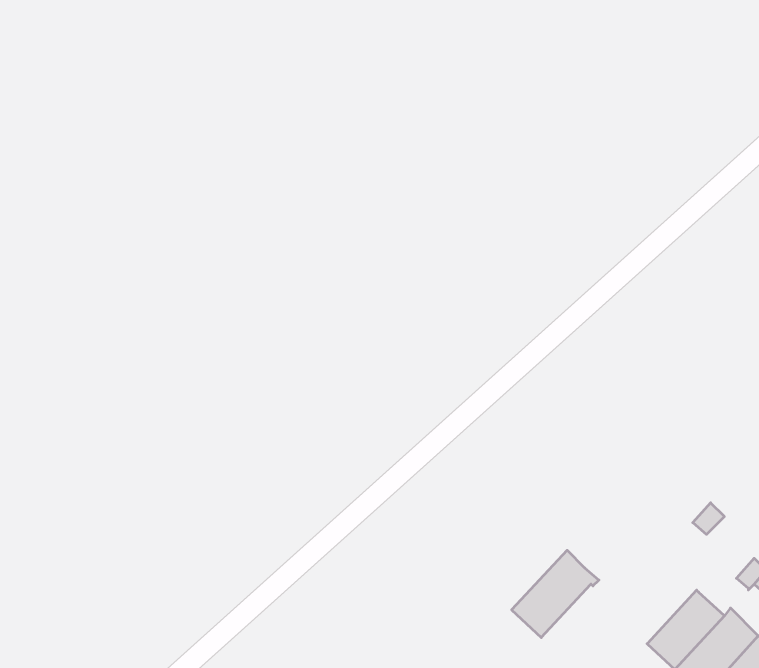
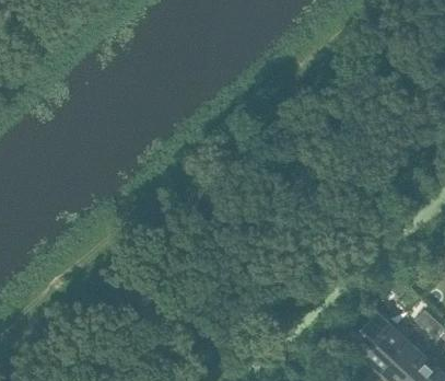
building: [512,550,599,638] -> [352,314,400,362]

